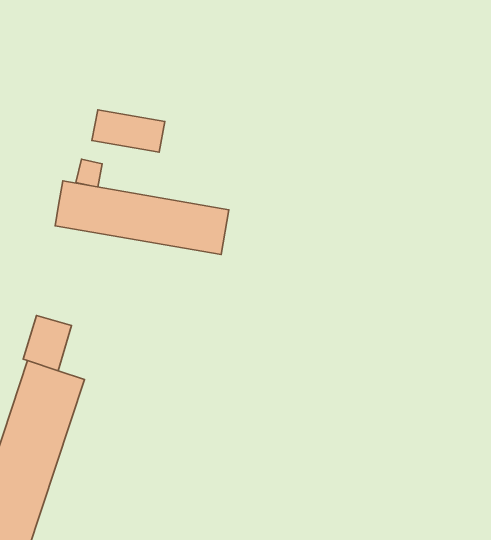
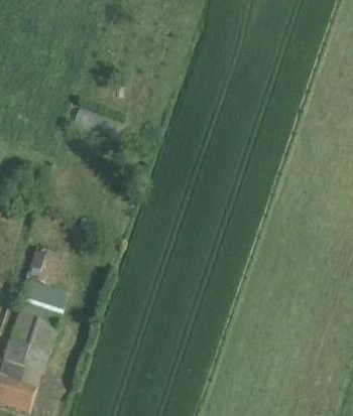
building: [55,181,229,255] -> none

